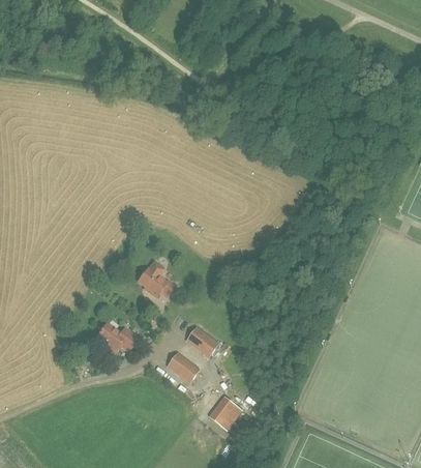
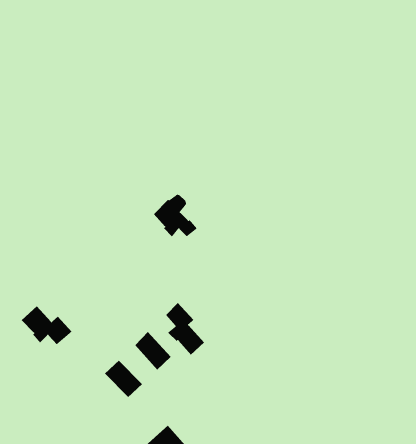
building: [138,262,174,296] -> [153,194,198,237]
building: none -> [165,302,205,355]

